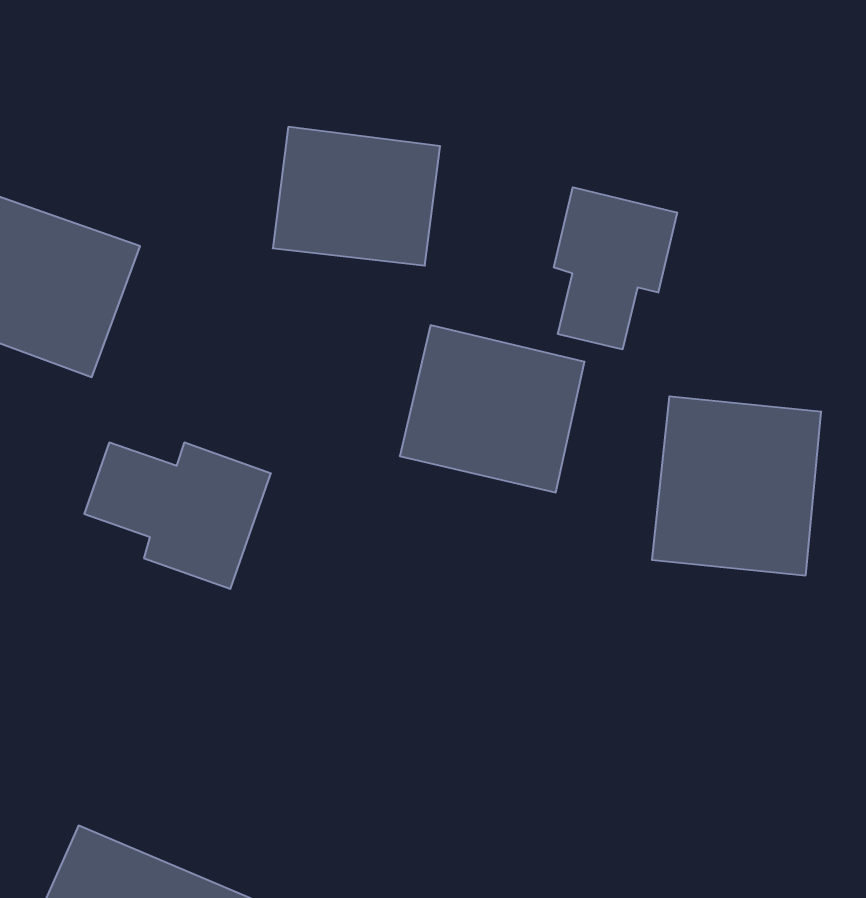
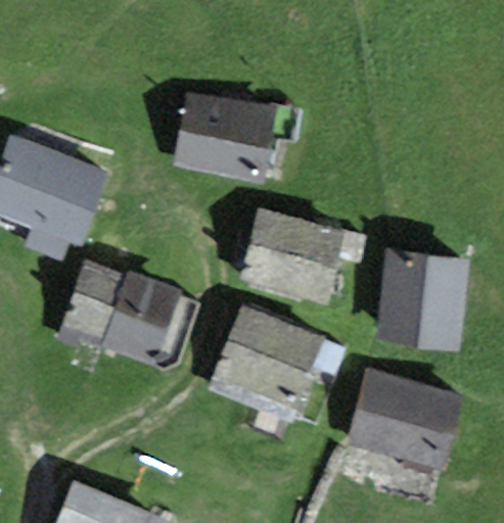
building: [554,187,677,349] -> none
building: none -> [212,308,317,420]
building: none -> [348,373,461,468]

